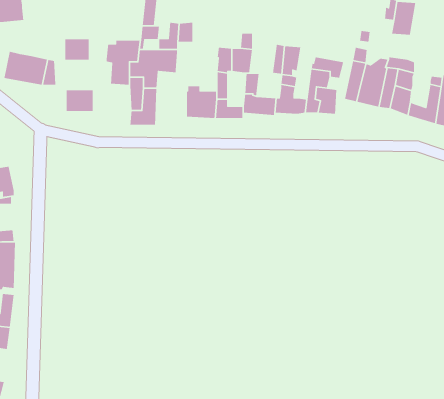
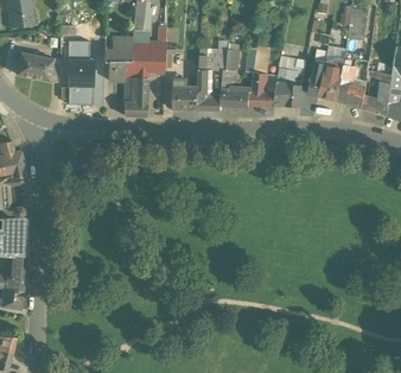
building: none -> [66,61,91,86]

